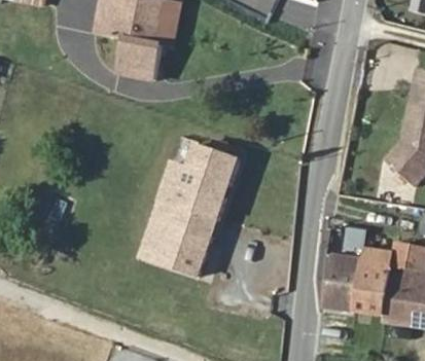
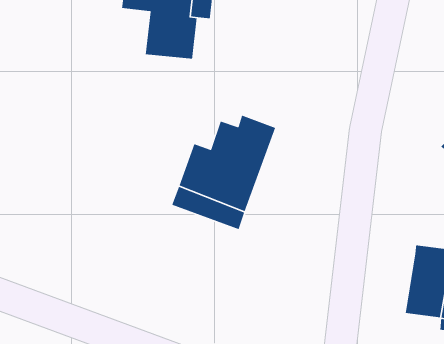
building: [139,211,212,272] -> none
building: [325,249,363,304] -> none

